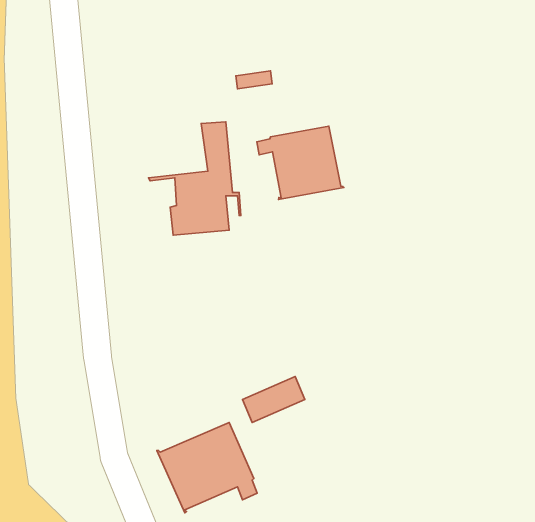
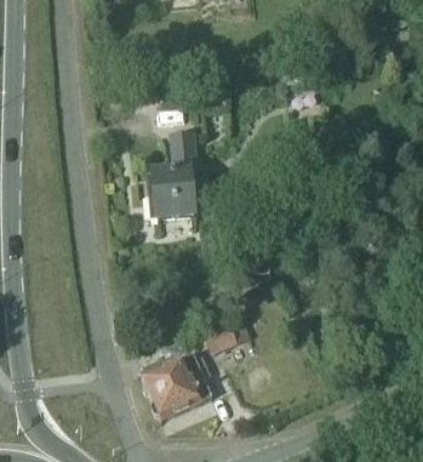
building: [257,126,344,199] -> none

